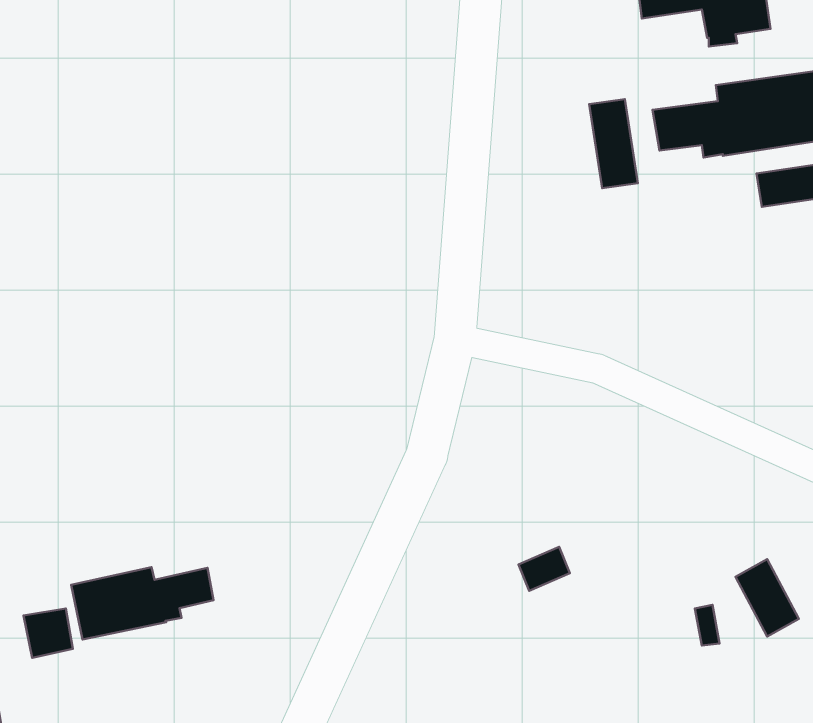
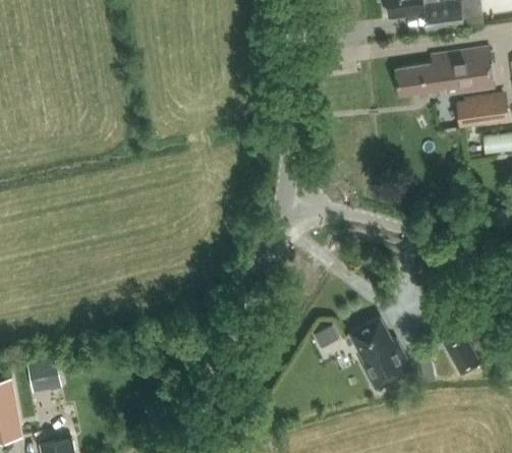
building: [589,99,638,188] -> none
building: none -> [351,317,413,388]
building: [71,567,214,639] -> none

